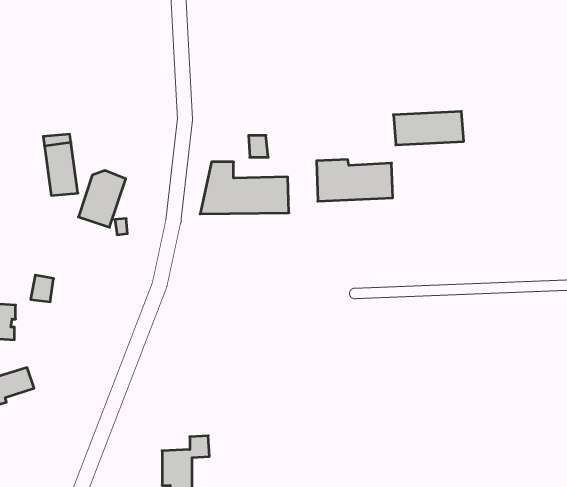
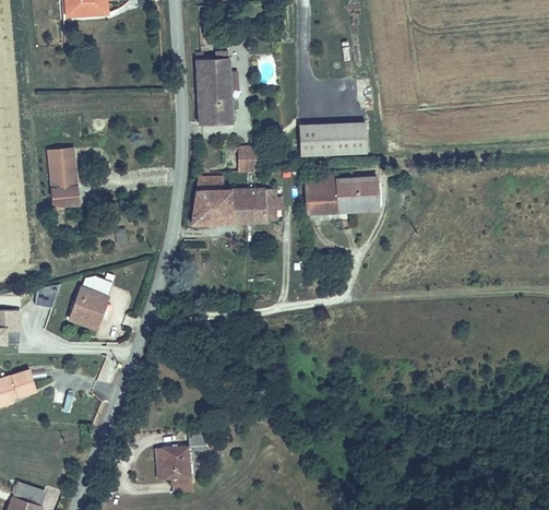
building: none -> [198,57,229,128]
building: [393,111,464,145] -> [299,127,366,158]
building: [78,171,126,227] -> [68,272,112,325]

